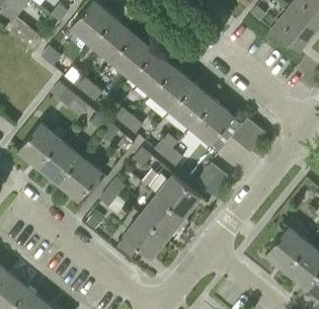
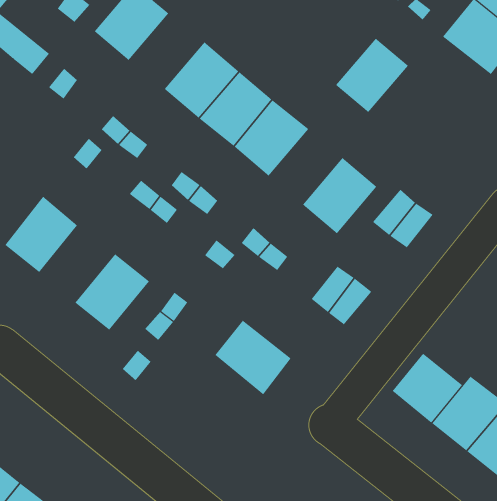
building: [89,17,133,61] -> none
building: [170,84,213,128] -> [335,38,409,113]
building: [37,140,81,184] -> none
building: [155,174,200,217] -> none
building: none -> [392,353,463,423]
building: [123,215,167,258] -> none

